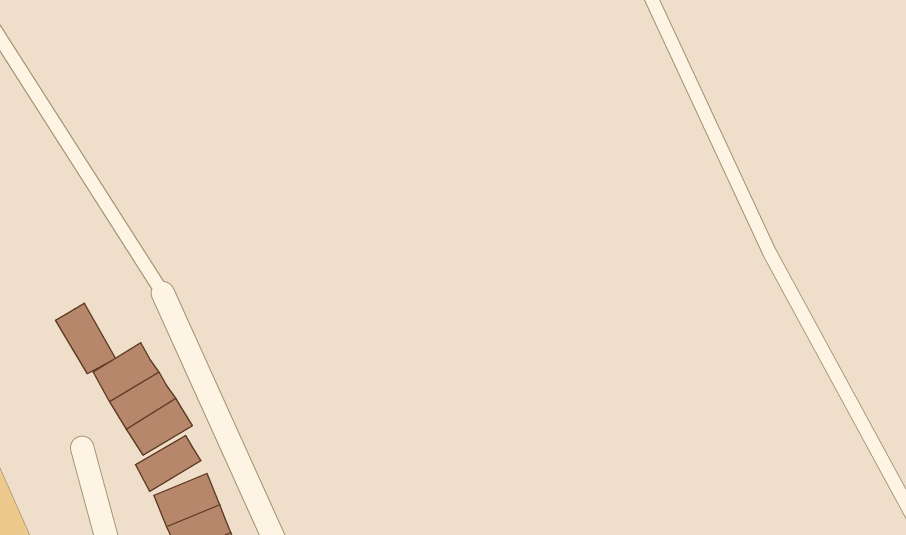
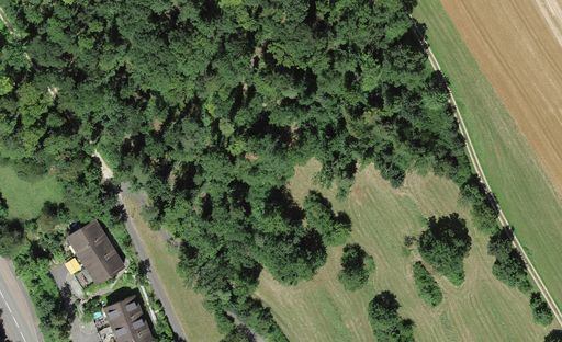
building: [56,303,116,374] -> none
building: [135,435,201,491] -> none

